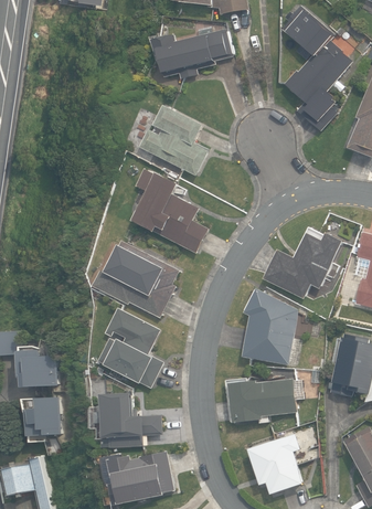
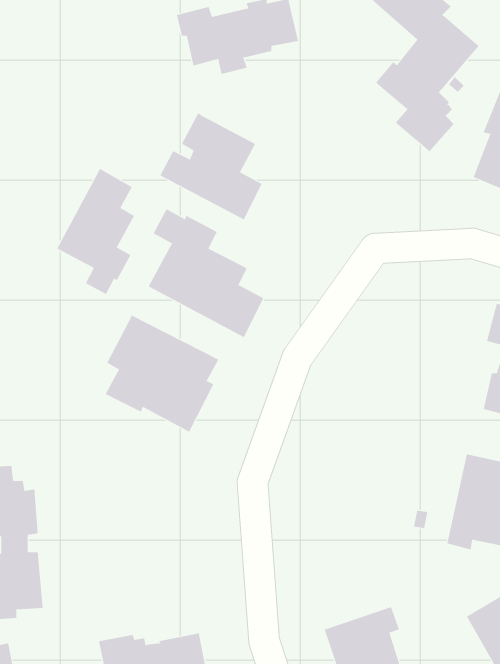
building: none -> [57,168,135,295]
building: [264,233,343,298] -> none
building: [242,288,298,365] -> none
building: [96,307,163,389] -> none
building: [228,378,302,423] -> none
building: [87,393,162,448] -> none

